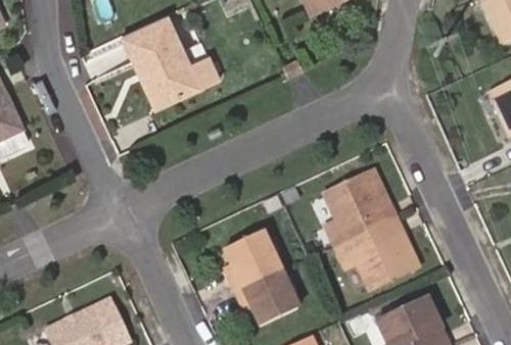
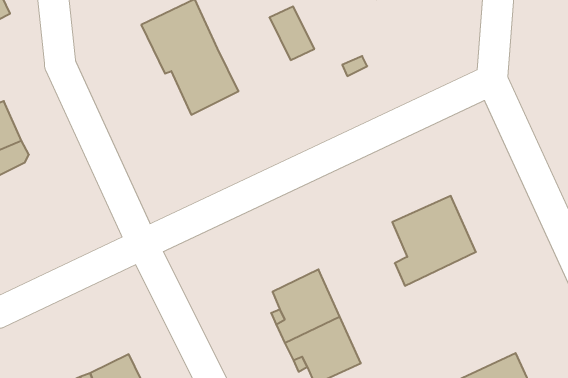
building: [182,41,219,85] -> [269,6,314,60]
building: [335,216,415,285] -> none

